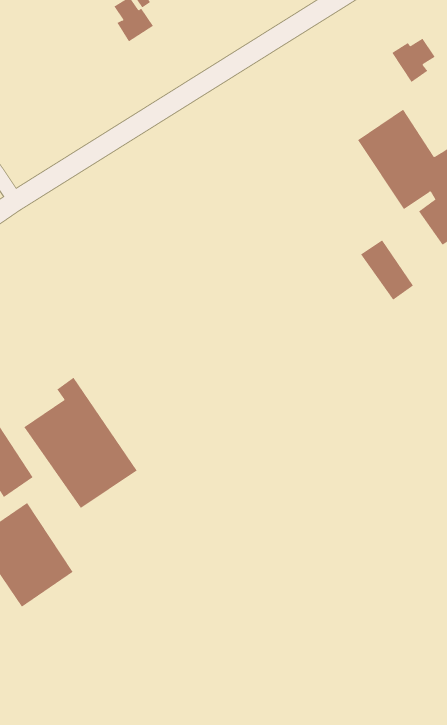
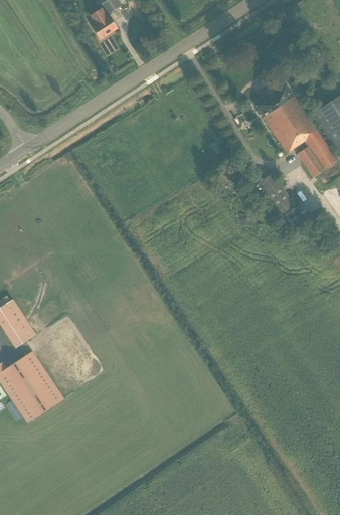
building: [392,38,435,83] -> none
building: [23,377,137,509] -> none

